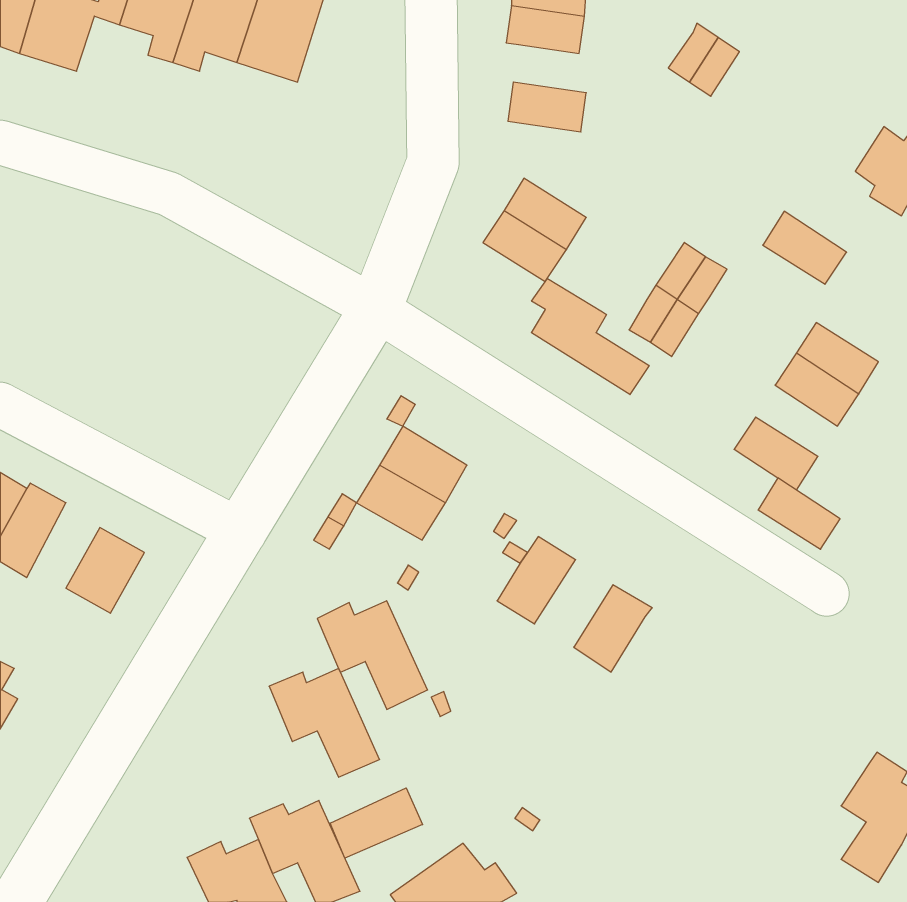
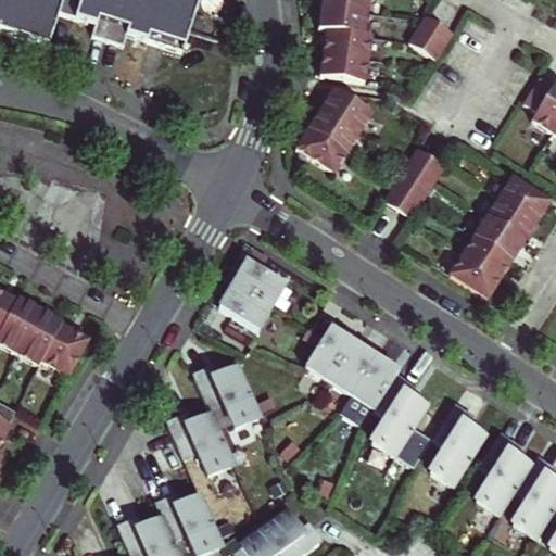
building: none -> [315,27,363,56]
building: none -> [321,88,372,132]
building: [763,211,847,284] -> [500,176,551,220]
building: [531,279,649,395] -> none
building: [758,478,840,549] -> [463,235,513,278]
building: none -> [18,306,64,364]
building: none -> [328,341,376,394]
building: none -> [374,376,428,456]
building: none -> [432,405,486,485]
building: none -> [478,434,532,515]
building: [330,788,423,858] -> none

